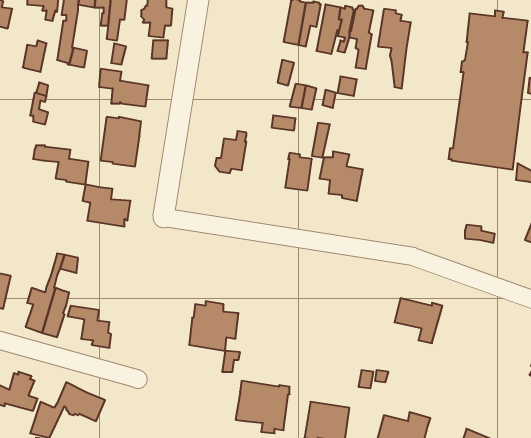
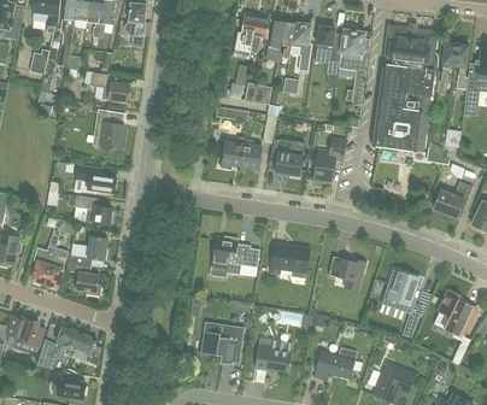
building: none -> [339,29,370,92]
building: [215,131,246,173] -> [218,135,244,169]
building: [33,145,89,184] -> [66,194,111,225]
building: none -> [315,137,345,181]
building: none -> [68,235,107,265]
building: none -> [270,243,309,277]
building: [189,301,239,351] -> [210,235,250,275]
building: none -> [382,268,422,336]

